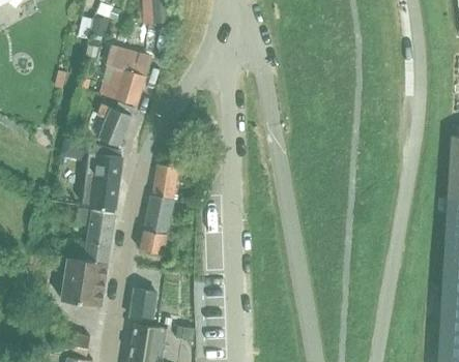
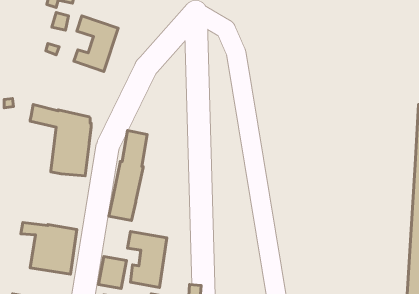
building: [97,101,135,147] -> none
building: [76,207,115,263] -> [127,232,167,287]

